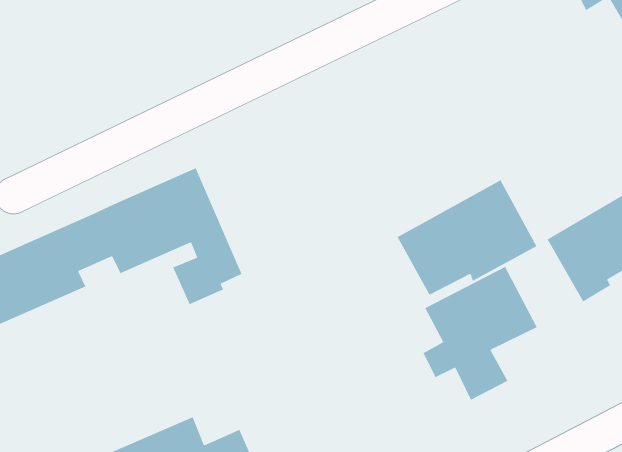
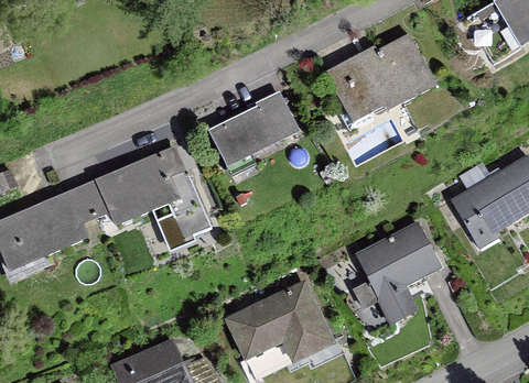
building: none -> [208,94,300,166]
building: [397,179,537,296] -> [327,33,438,124]
building: none -> [230,286,330,361]

